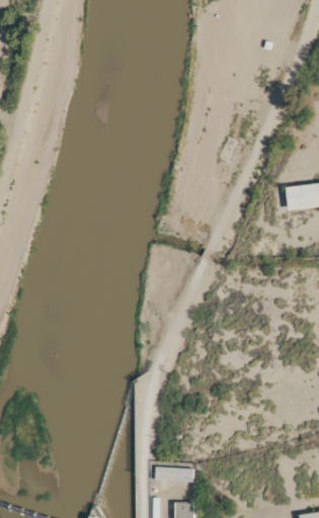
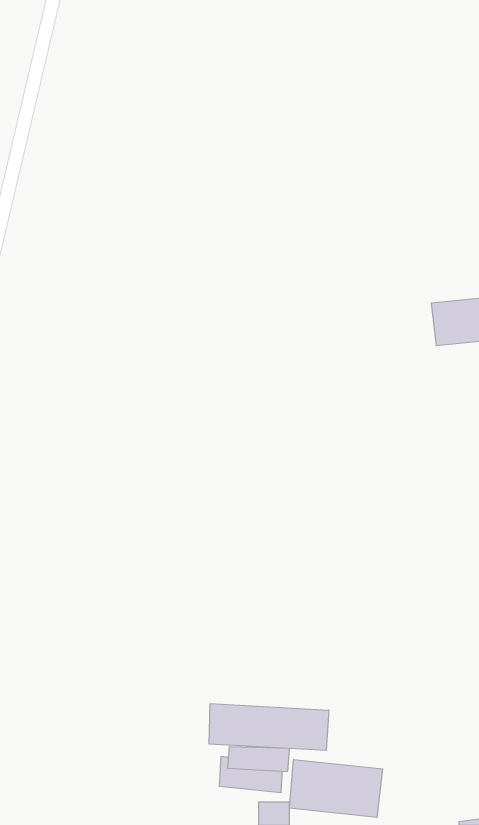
building: none -> [209,704,329,751]
building: none -> [289,759,383,818]

